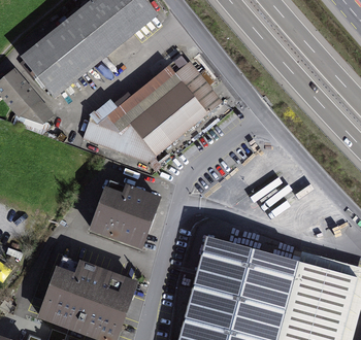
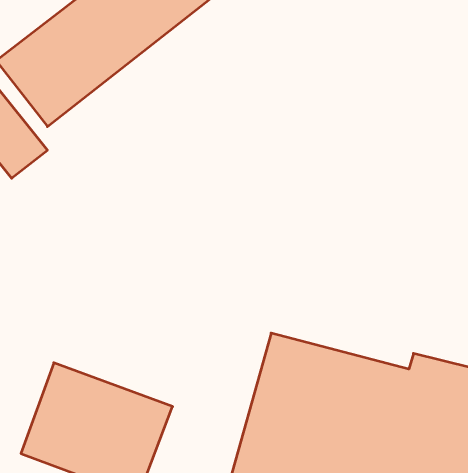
building: [81,55,222,162] -> none
building: [88,181,160,249] -> none

